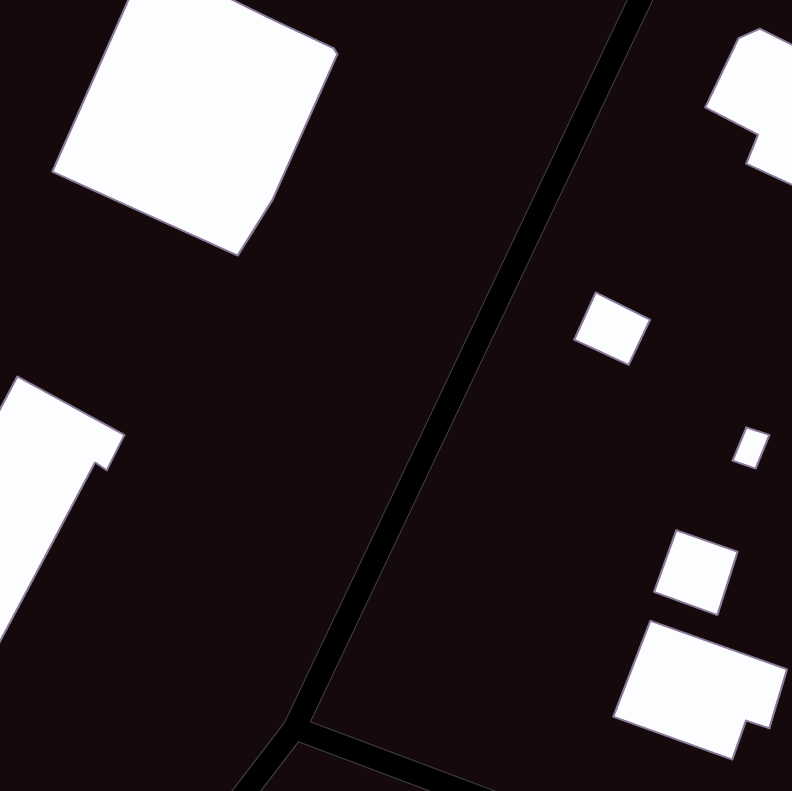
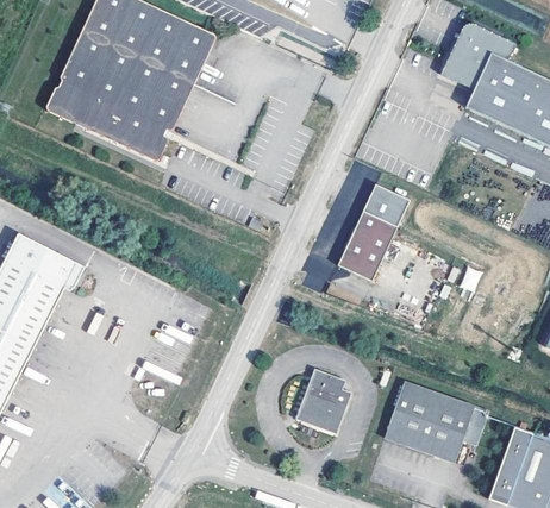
building: none -> [336,211,394,280]
building: [654,530,738,615] -> none
building: none -> [296,371,346,432]

